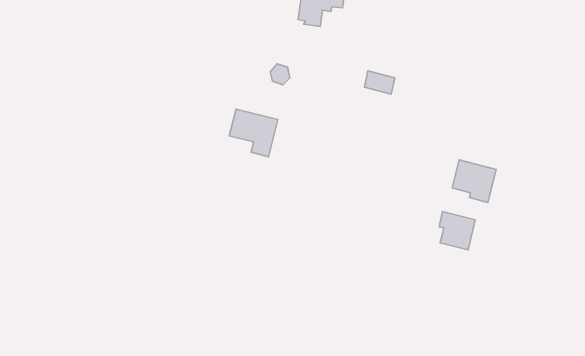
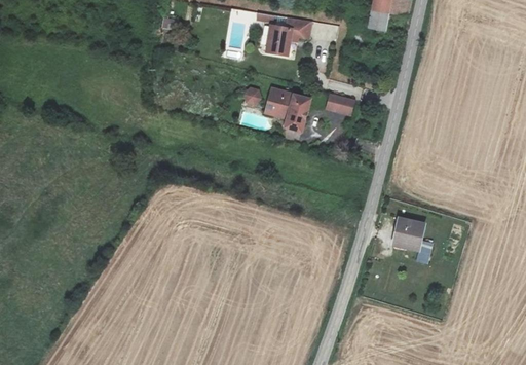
building: [229,109,278,157] -> [265,88,308,131]
building: [452,160,496,202] -> none

